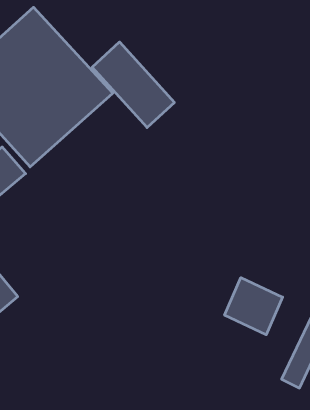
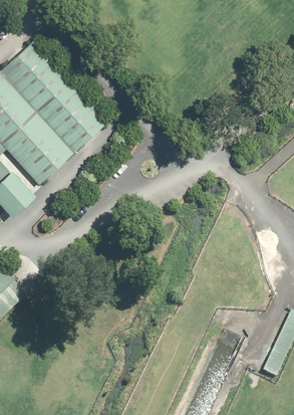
building: [92,42,174,128] -> none
building: [225,278,283,335] -> none

